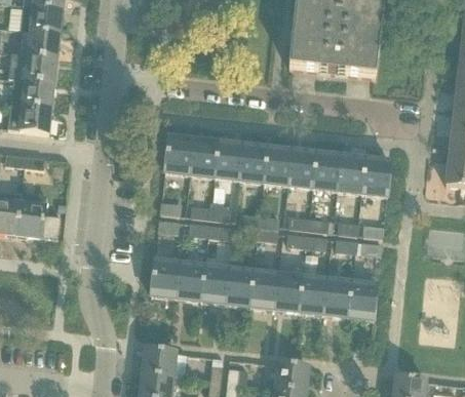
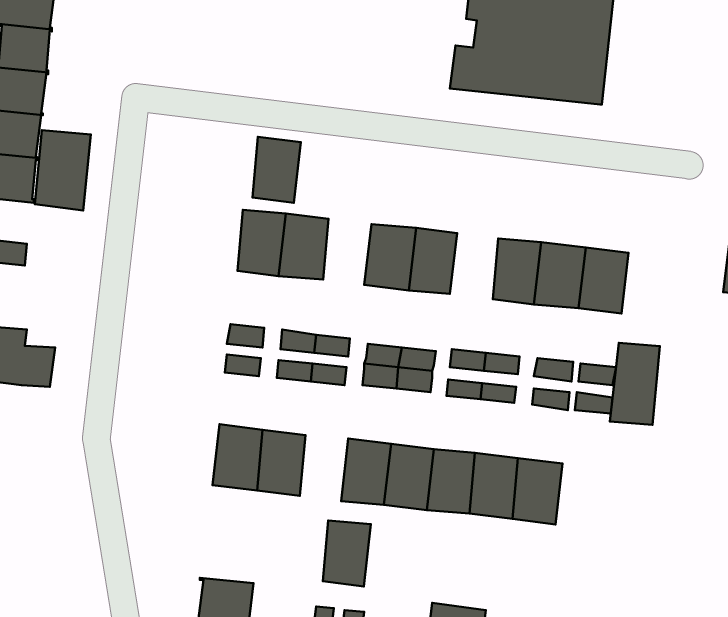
building: none -> [35,130,91,211]
building: [216,142,243,180] -> [253,137,301,203]
building: [288,150,316,188] -> none
building: [202,266,230,304] -> [323,521,371,587]
building: [349,272,378,319] -> [610,343,660,425]

